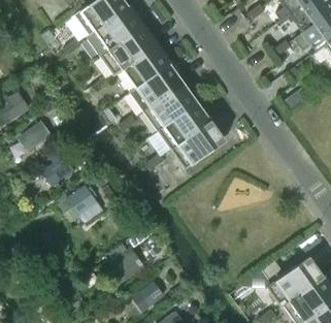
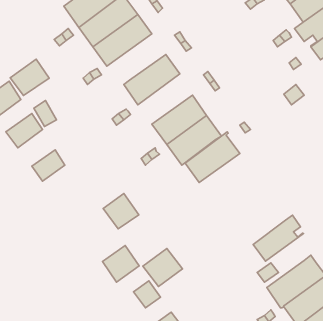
building: [113,43,170,88] -> none
building: none -> [10,59,49,96]
building: [143,82,196,130] -> [185,132,240,182]
building: [65,183,99,217] -> [103,193,139,229]
building: none -> [253,215,303,261]
building: none -> [143,248,183,287]

